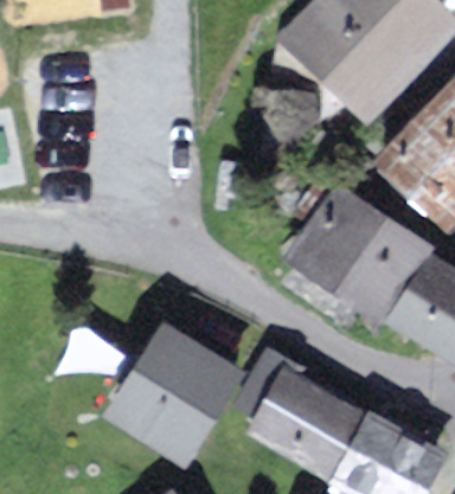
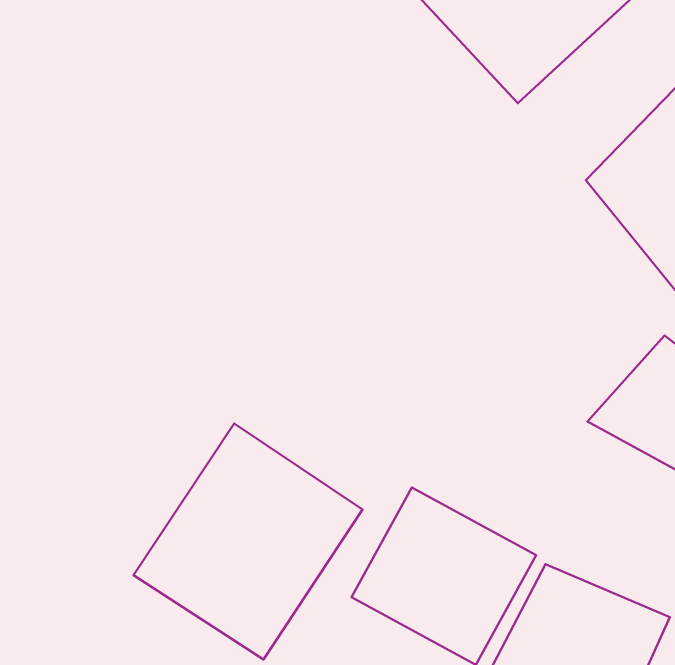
building: [289,194,438,320] -> none

